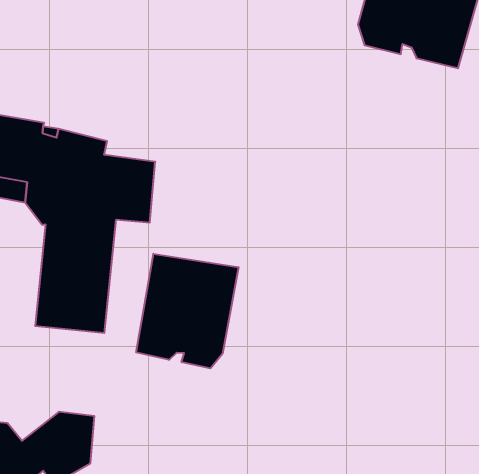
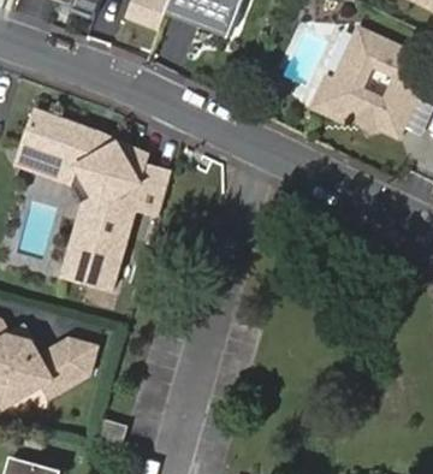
building: [136,254,238,368] -> none

